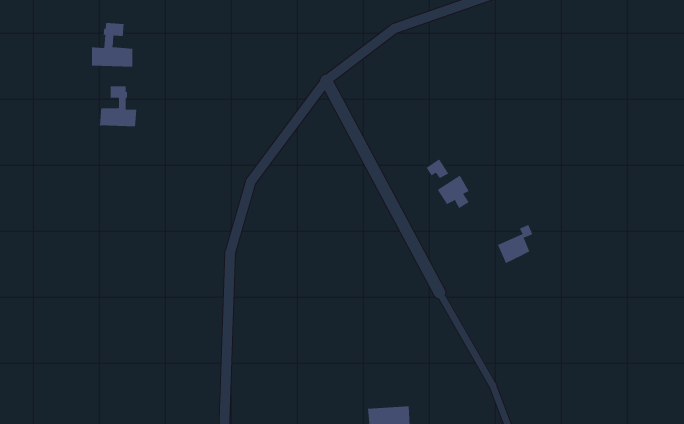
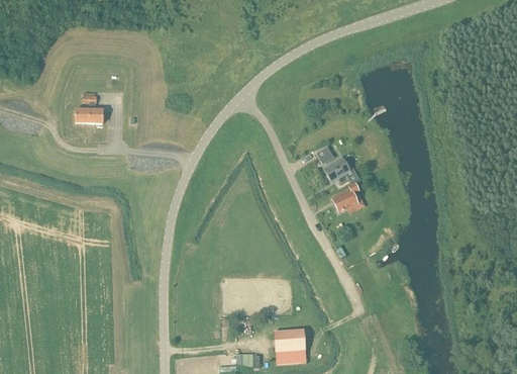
building: [92,22,133,68] -> none
building: [497,224,533,264] -> [333,182,359,211]

